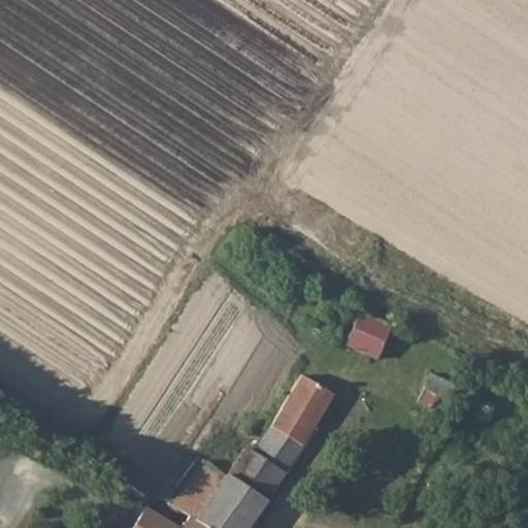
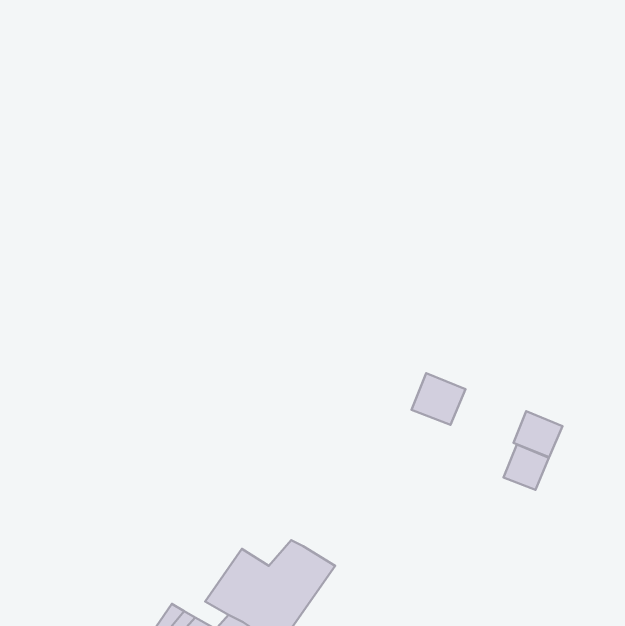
building: none -> [513,411,563,457]
building: [257,376,334,476] -> none

